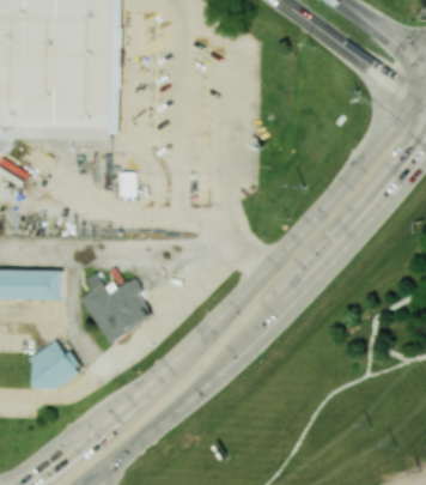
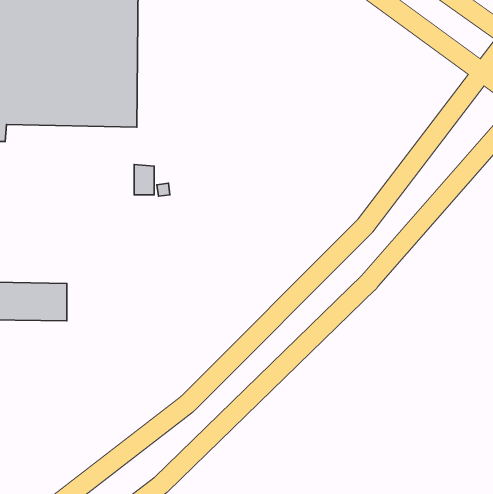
building: [79,273,150,342] -> none
building: [28,340,78,390] -> none

